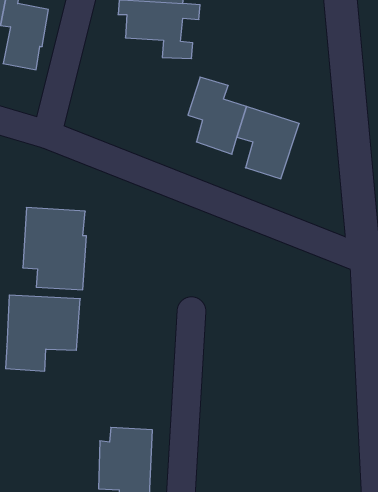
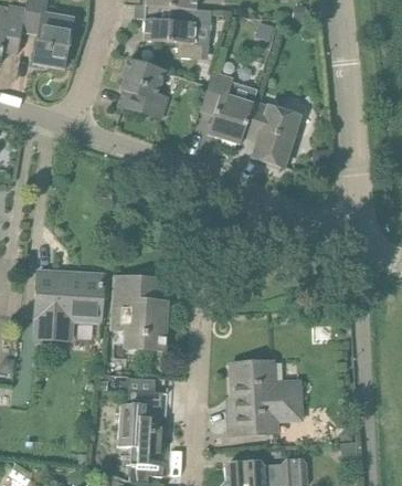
building: none -> [121,59,167,117]
building: [23,208,86,290] -> [110,275,168,349]
building: none -> [232,361,304,433]

